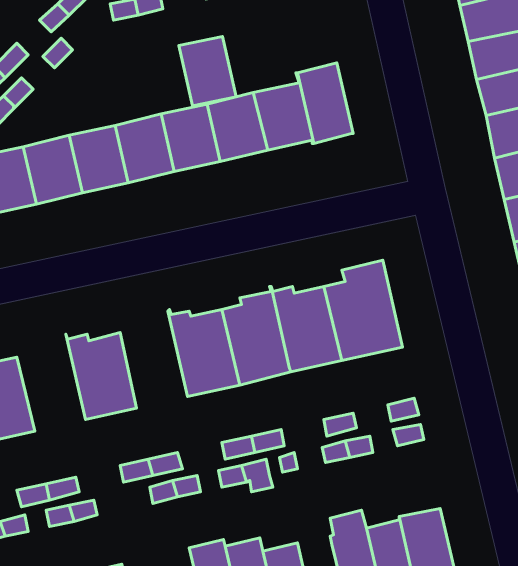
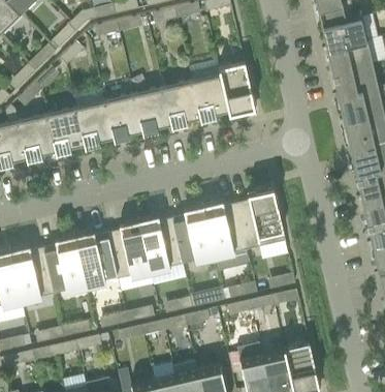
building: [179,36,236,106] -> none
building: none -> [107,219,150,280]
building: none -> [42,234,86,295]

